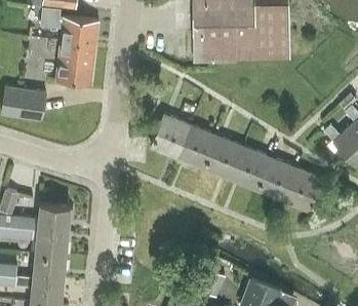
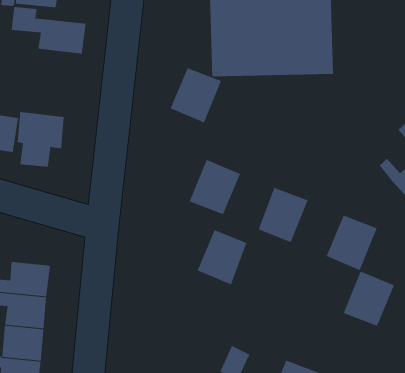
building: [58,40,95,83] -> [17,111,65,167]
building: [151,115,191,158] -> [170,67,222,123]
building: [204,137,243,180] -> [197,229,247,285]
building: [256,157,296,200] -> [343,271,395,327]

